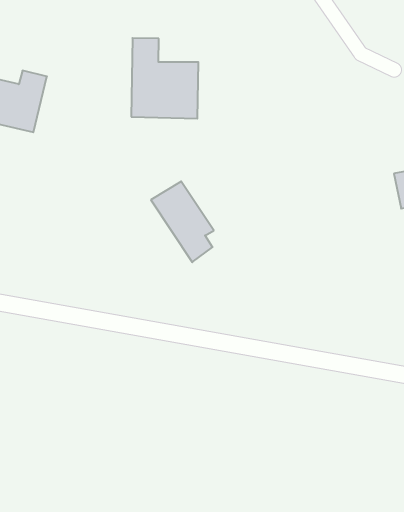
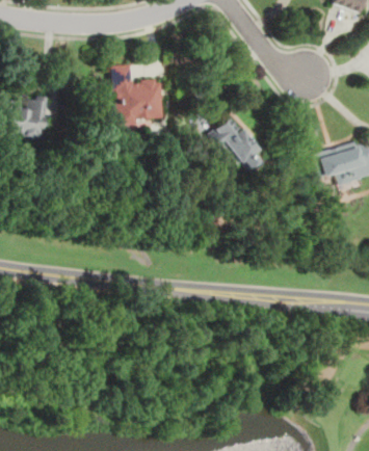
building: [151,181,214,262] -> [211,113,260,174]

